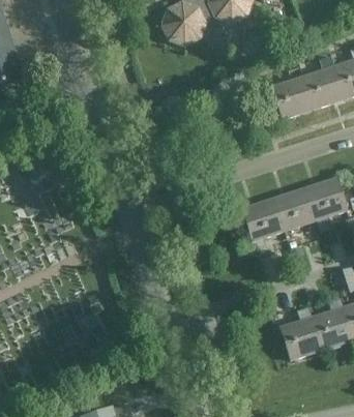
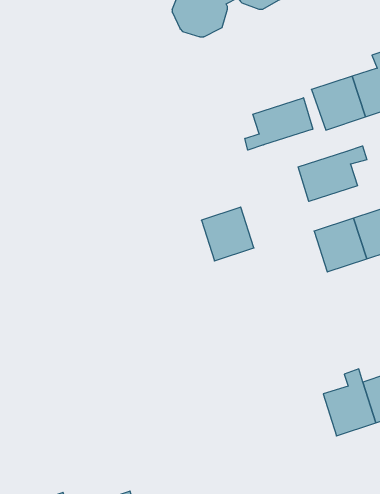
building: none -> [245,98,313,150]
building: none -> [298,146,367,201]
building: [242,198,284,240] -> [201,207,254,261]

